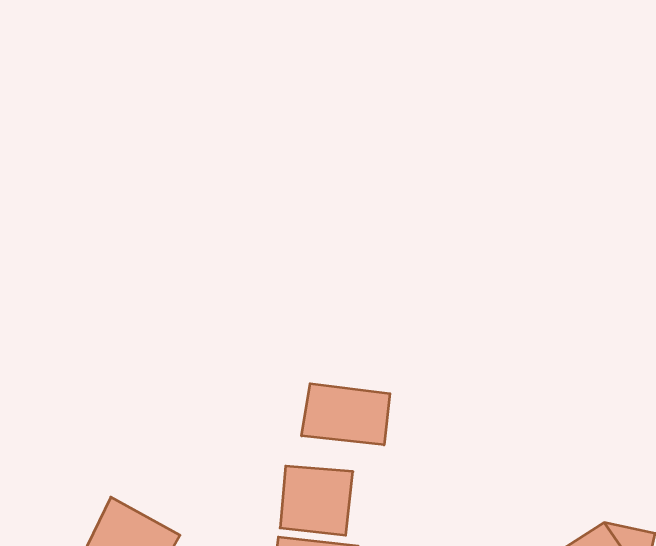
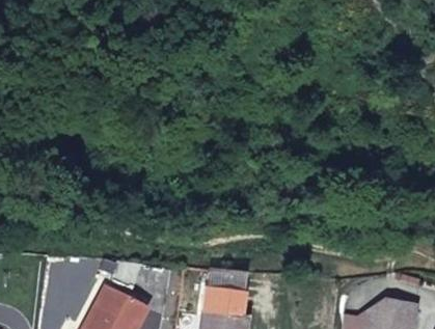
building: [302,384,390,445] -> none

